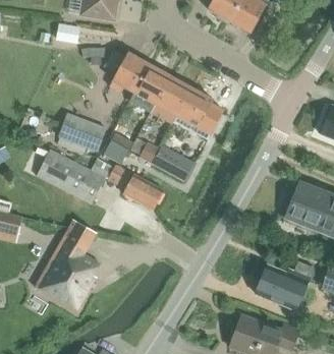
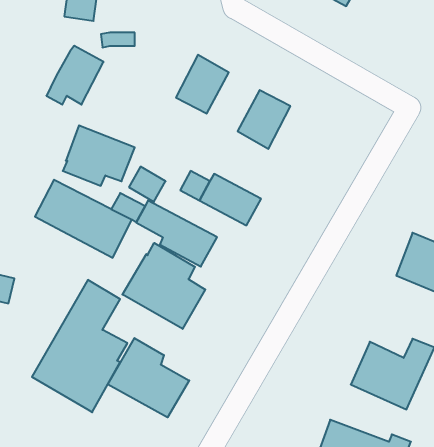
building: [110,52,150,93] -> [46,46,104,105]
building: [156,75,192,116] -> none
building: none -> [122,243,205,329]
building: none -> [108,338,189,417]

